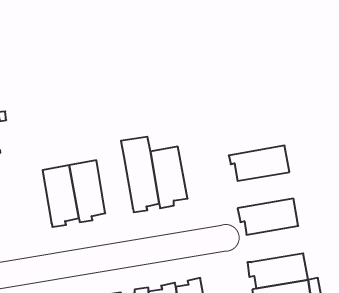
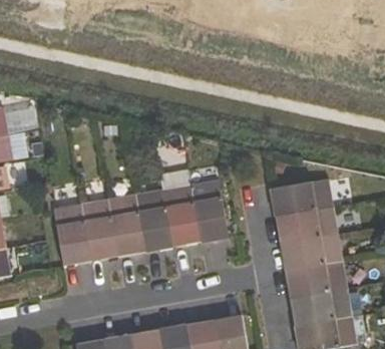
building: none -> [134,191,171,253]
building: none -> [52,205,88,268]
building: none -> [275,207,336,243]
building: none -> [284,262,346,299]

